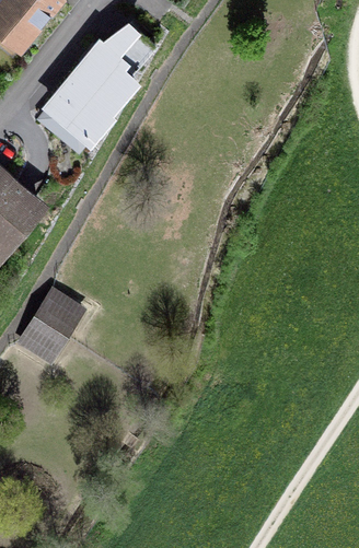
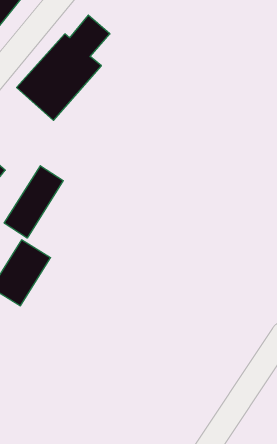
building: none -> [4,166,63,238]

